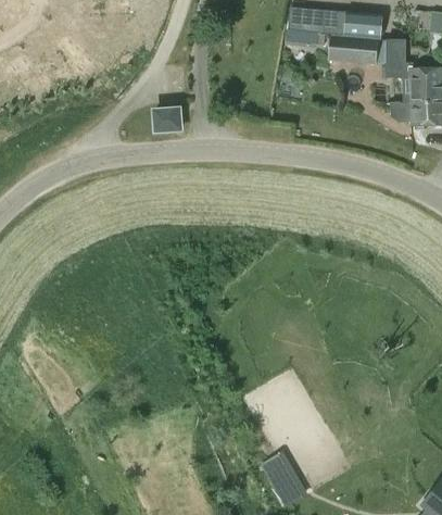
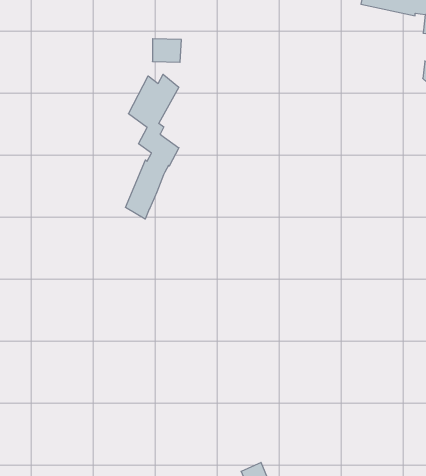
building: none -> [125,74,179,219]

